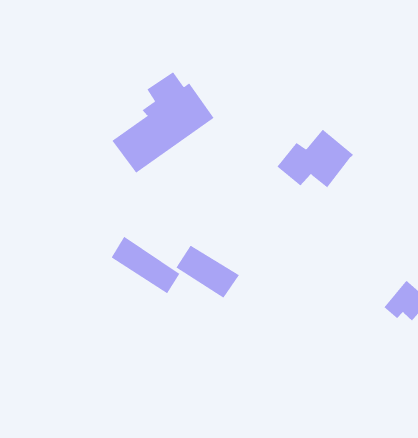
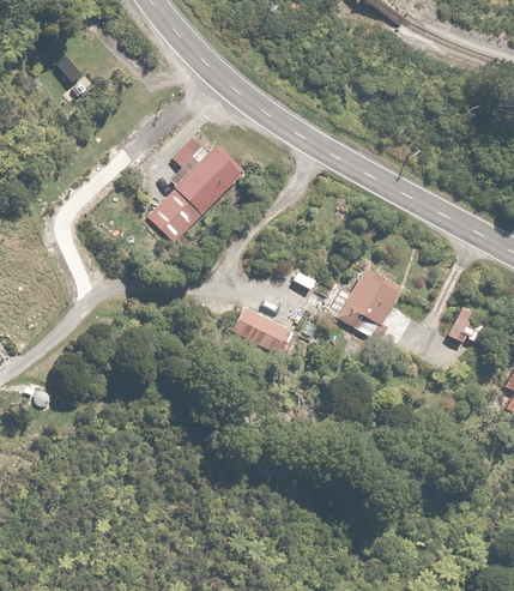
building: [276,129,354,188] -> [327,267,403,328]
building: [111,236,180,294] -> none

